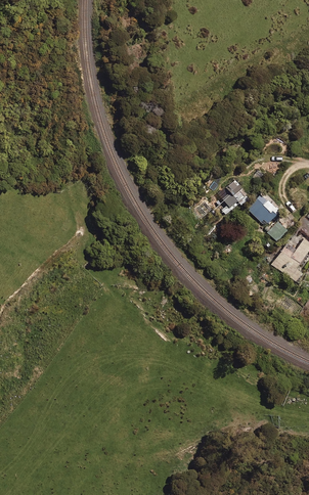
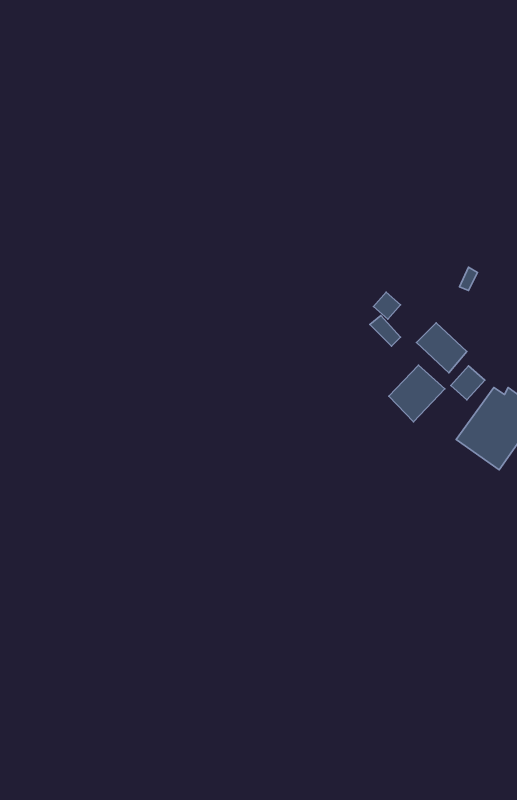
building: none -> [389,365,445,422]

